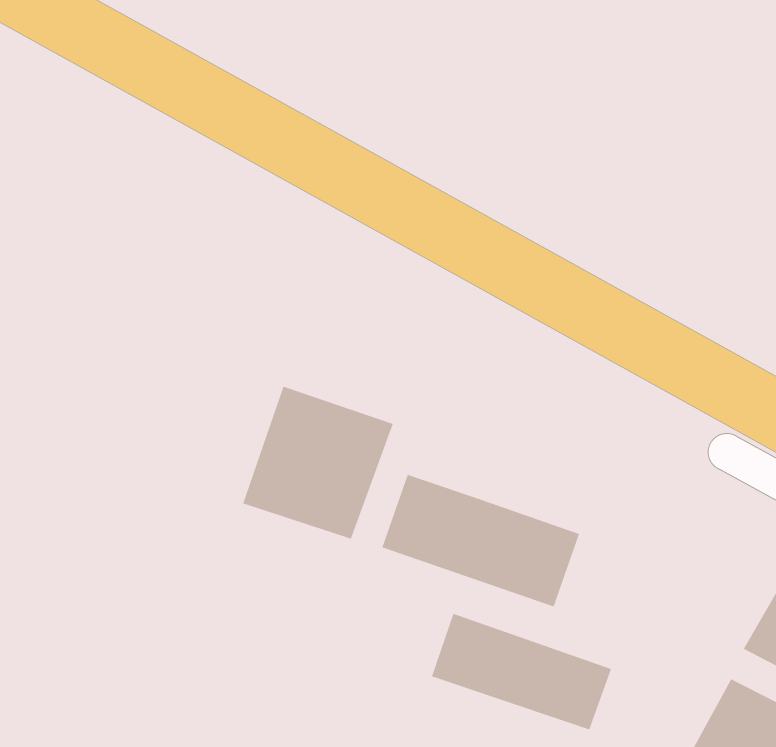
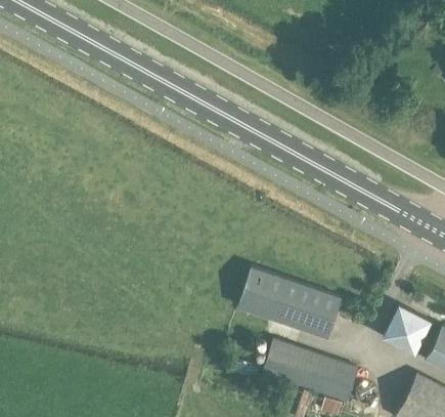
building: [243,386,394,540] -> none
building: none -> [383,304,432,355]

